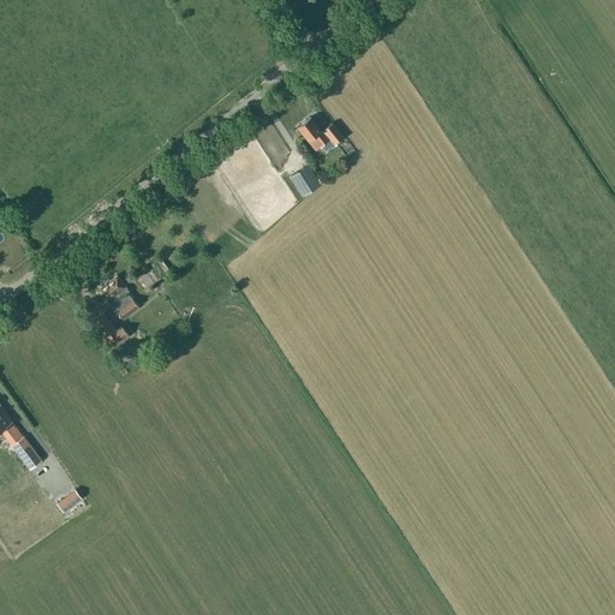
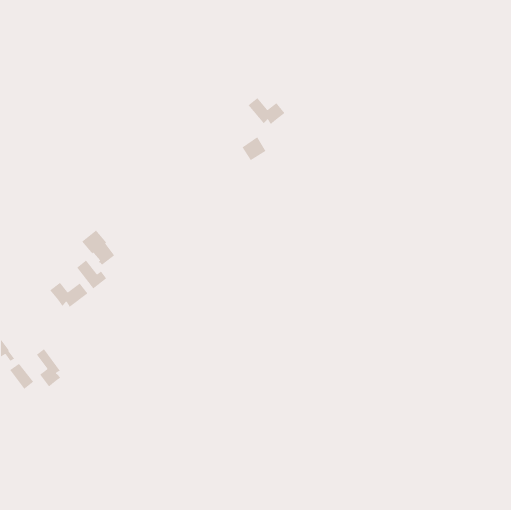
building: none -> [49,282,88,308]
building: none -> [36,348,61,387]

